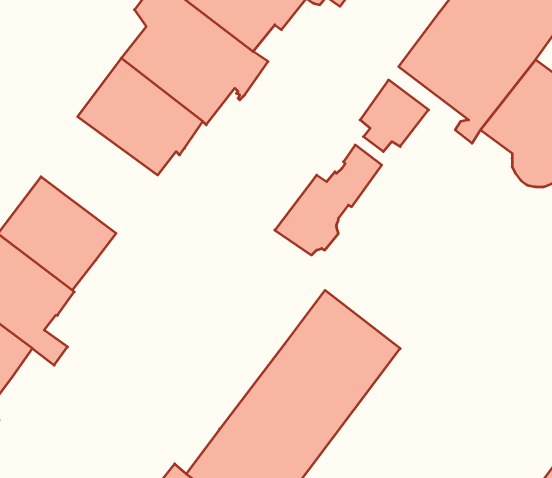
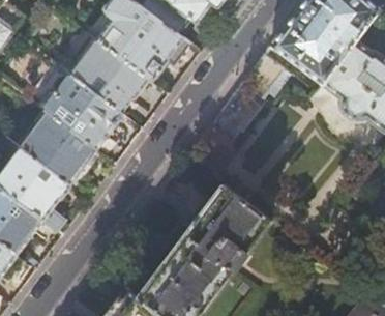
building: none -> [37,74,120,146]

